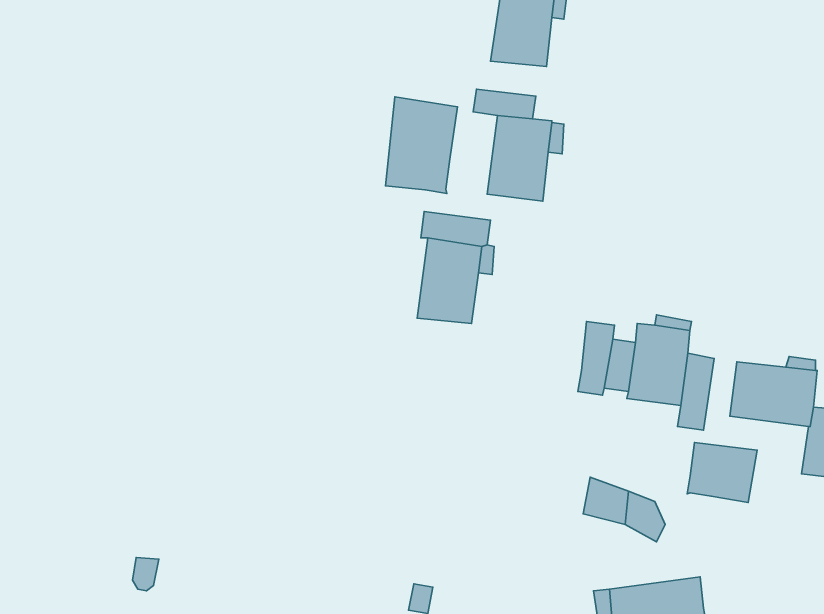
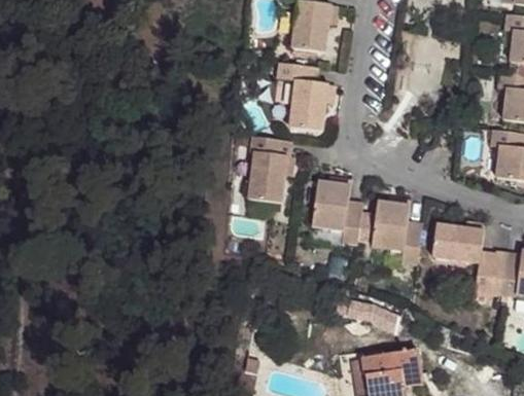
building: [385,97,458,193] -> none
building: none -> [312,181,351,229]
building: [687,443,757,503] -> none

